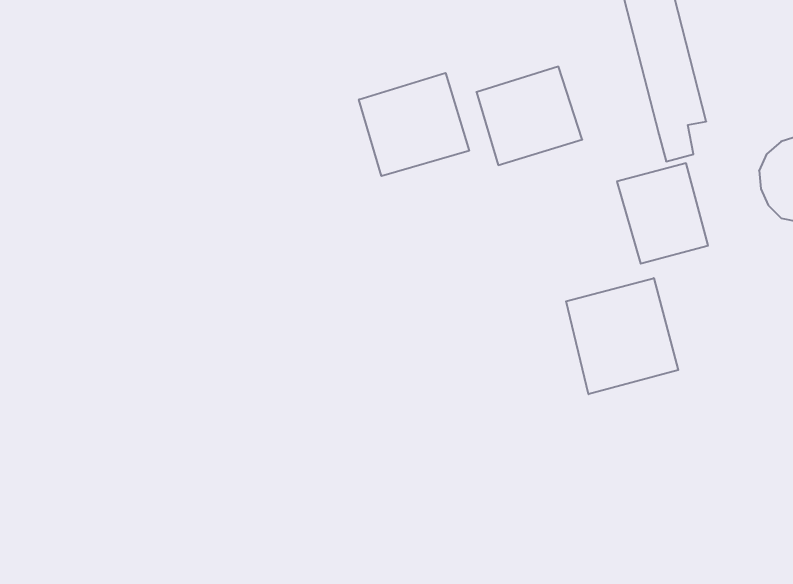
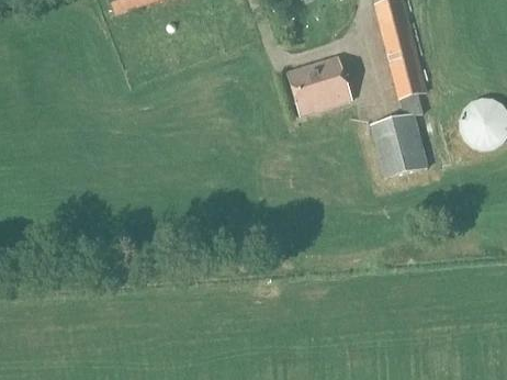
building: [359,73,469,176] -> none
building: [566,278,678,394] -> none

